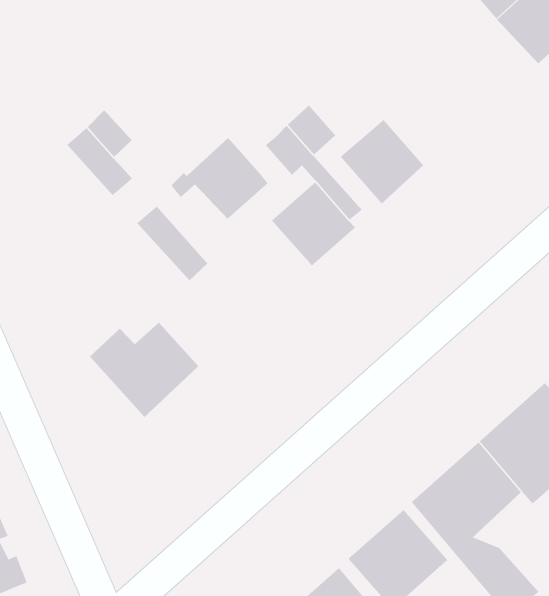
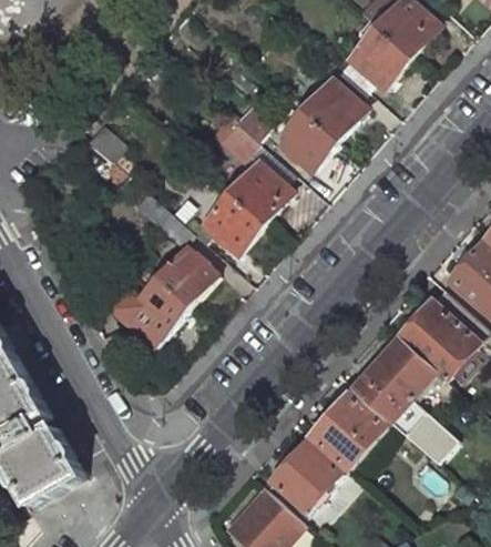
building: none -> [348,29,410,90]
building: none -> [303,70,366,141]
building: [170,137,268,220] -> [192,194,263,254]
building: none -> [156,246,216,306]

